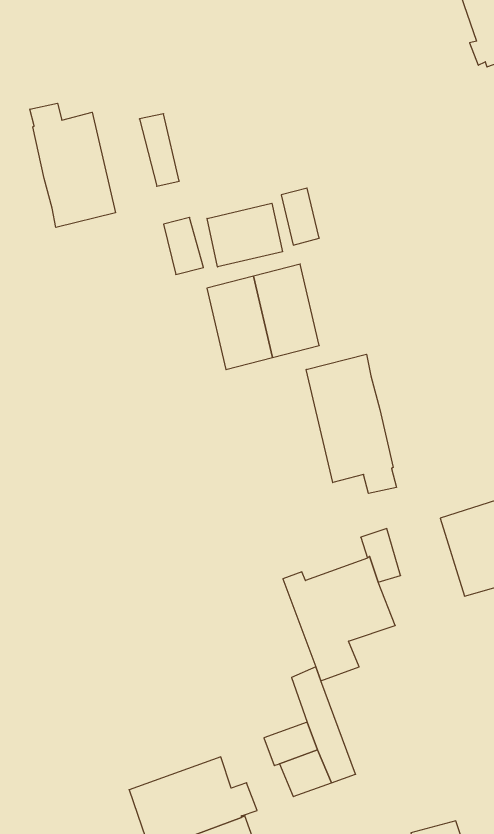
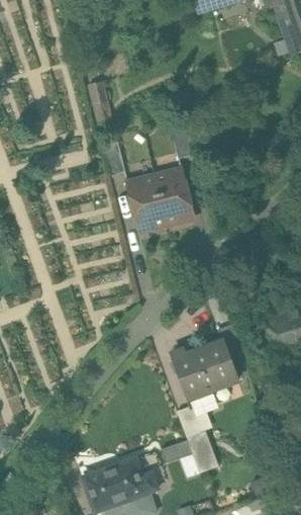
building: [30,103,115,227] -> none
building: [207,203,282,267] -> none
building: [306,354,396,493] -> none

